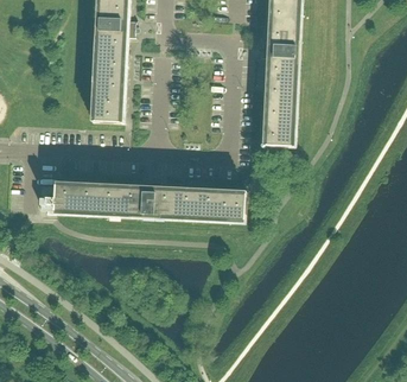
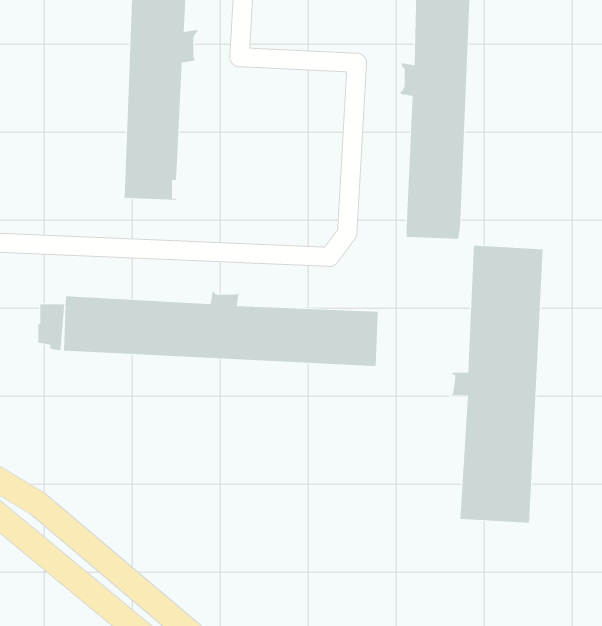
building: none -> [450,245,543,524]

